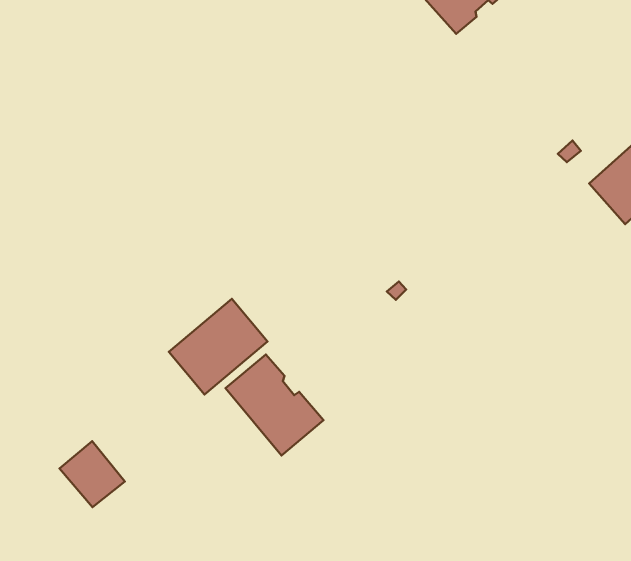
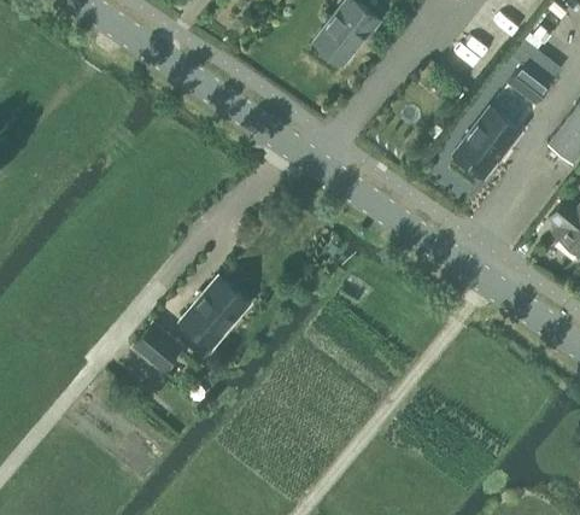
building: [226,355,324,455] -> none
building: [60,441,125,507] -> [134,324,181,370]

